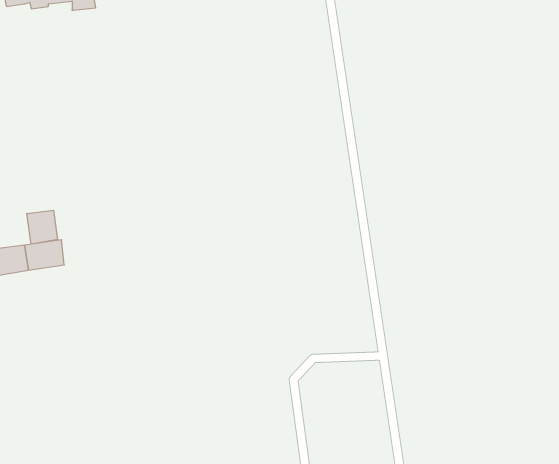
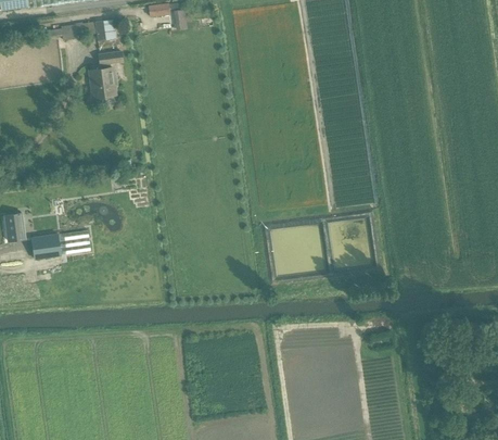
building: none -> [88,50,122,97]
building: [27,210,57,244] -> none

